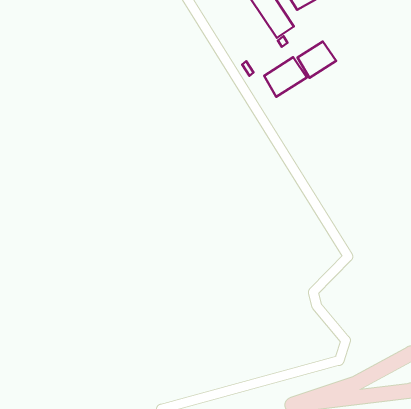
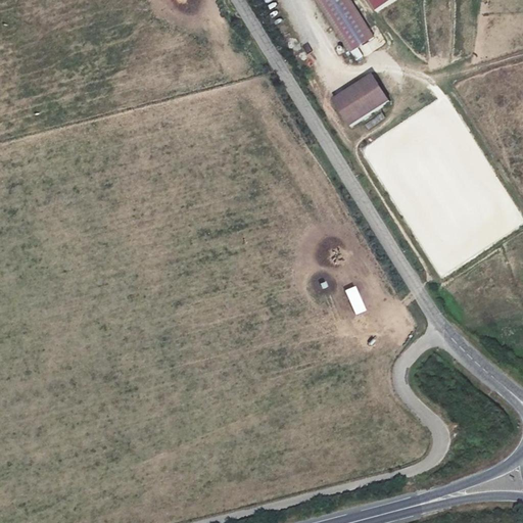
building: [297,42,336,78] -> none

